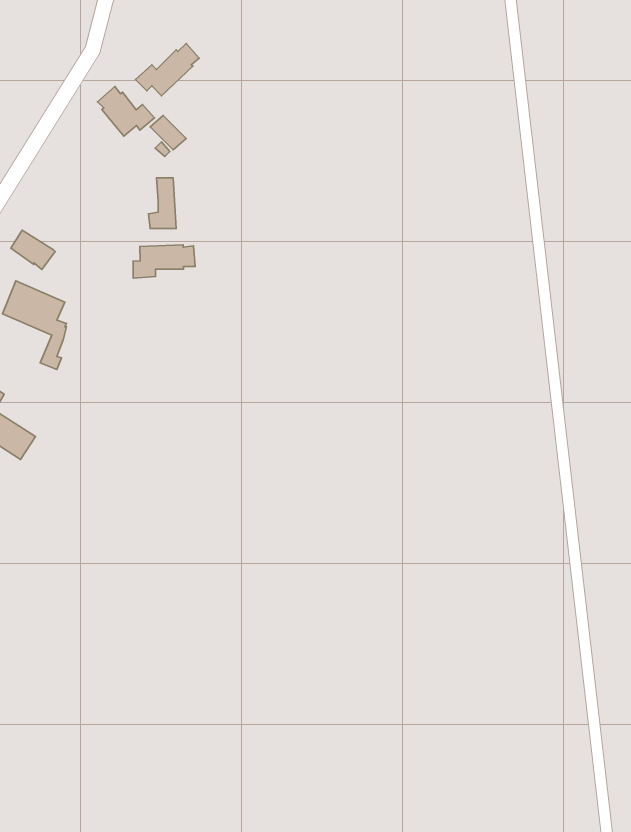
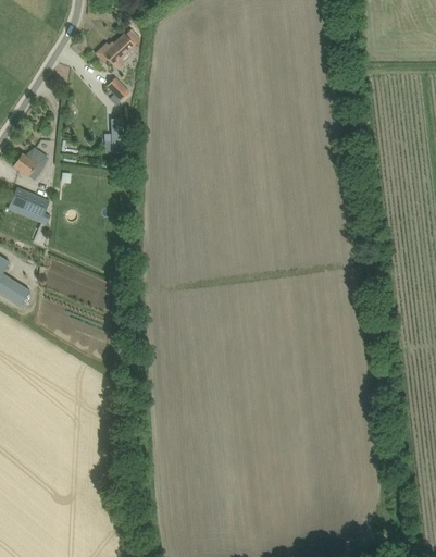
building: [98,86,154,136] -> none
building: [133,245,195,278] -> none

